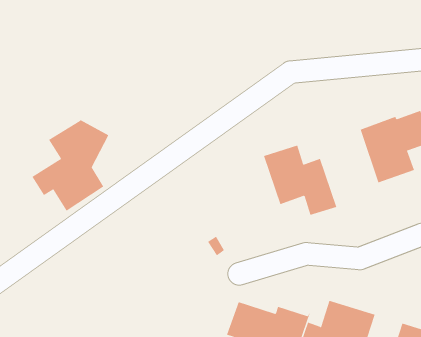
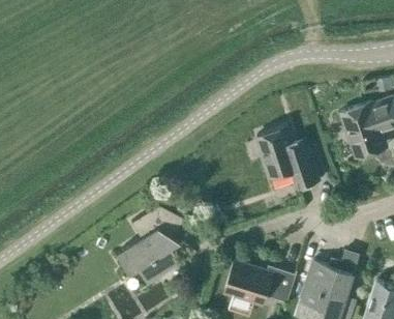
building: [31,120,109,212] -> [116,205,183,285]

